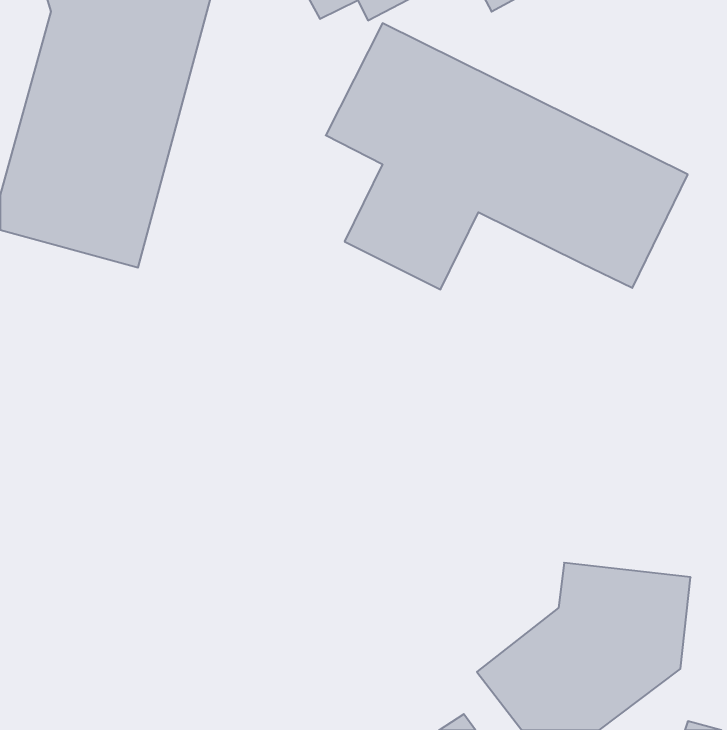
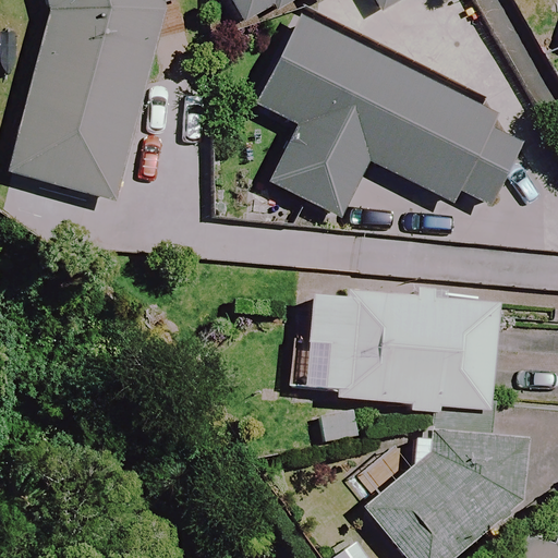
building: none -> [306,290,492,404]

